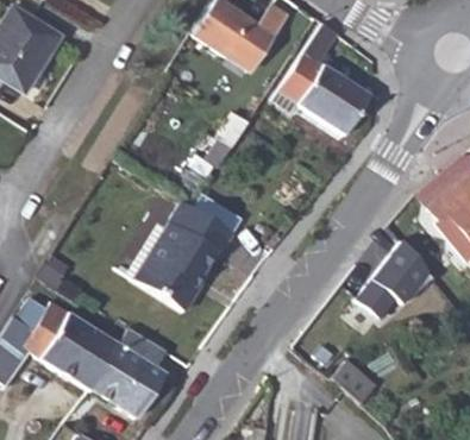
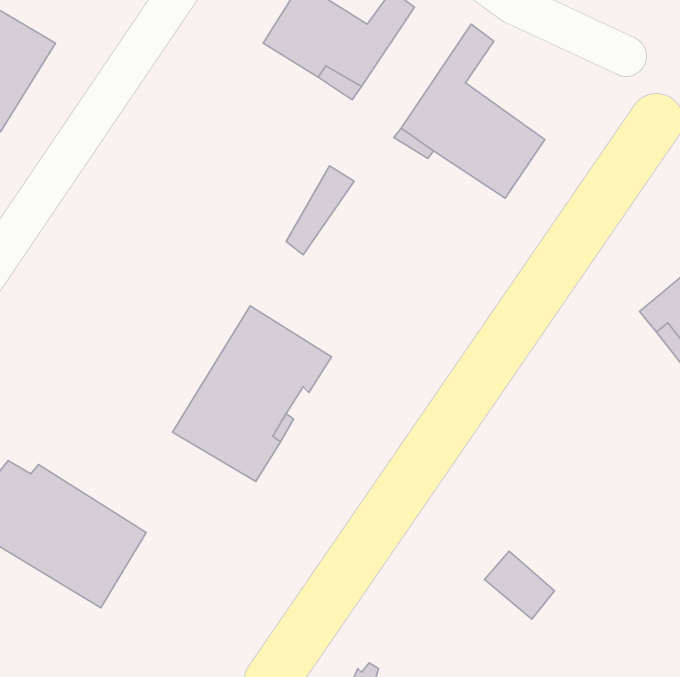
building: [356,237,437,313] -> none
building: [90,334,164,419] -> none

